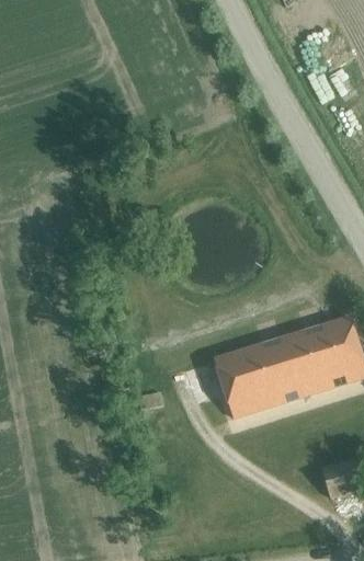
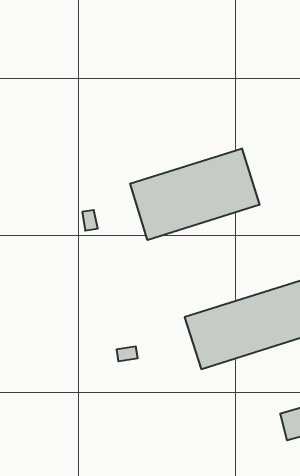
building: none -> [130,148,259,240]

